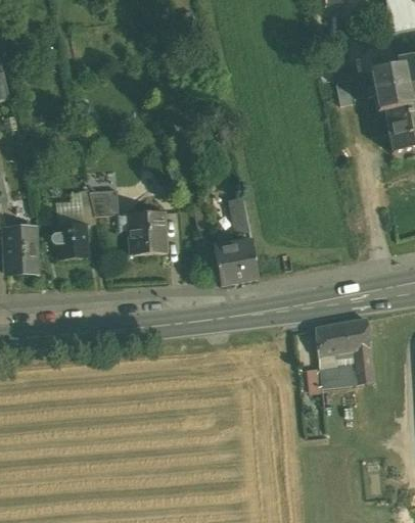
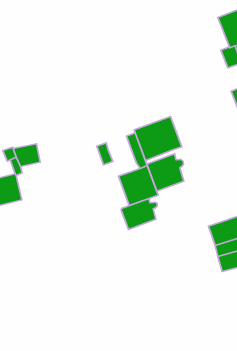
building: none -> [134,116,182,160]
building: [131,209,165,252] -> none
building: none -> [147,154,184,191]
building: none -> [121,198,157,229]

